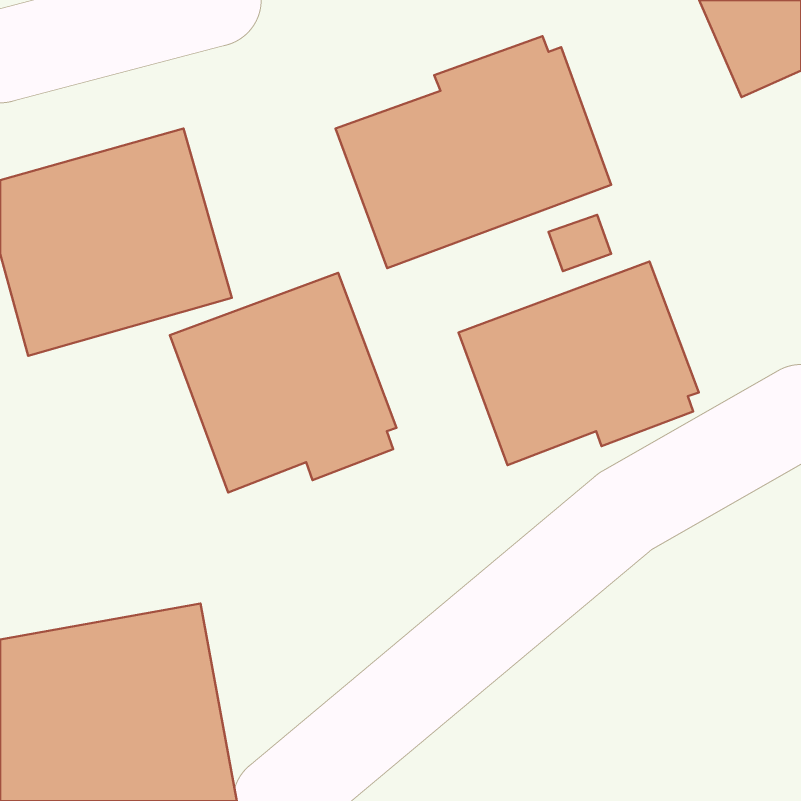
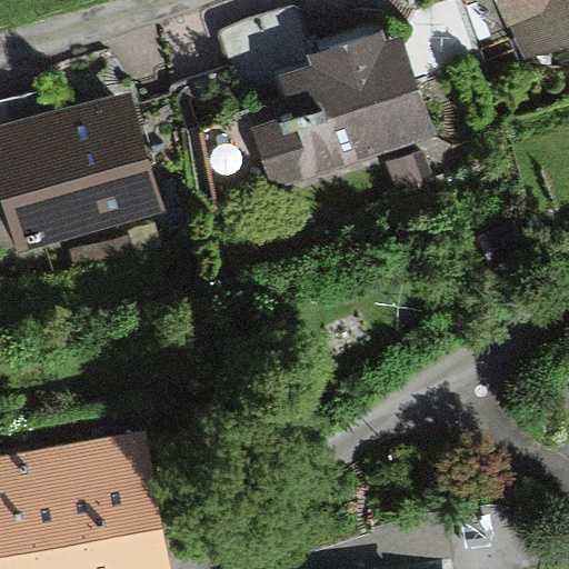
building: [458,262,699,465] -> none
building: [170,273,396,493] -> none

